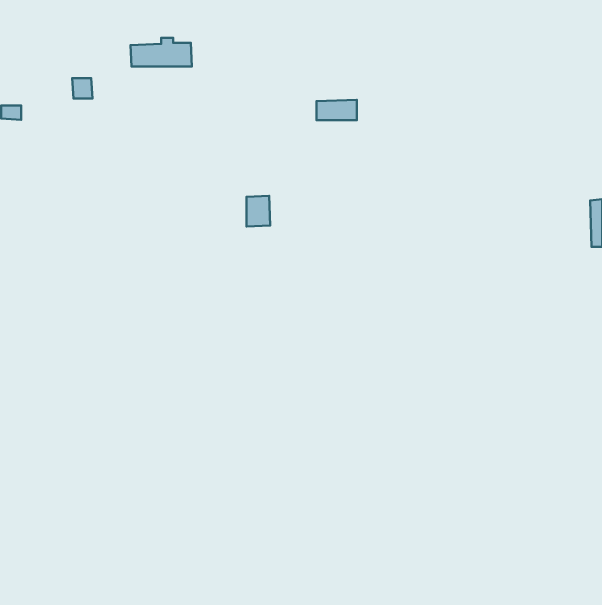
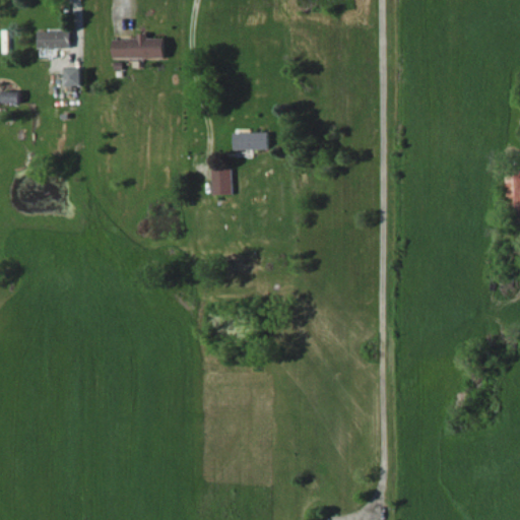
building: none -> [37,30,69,48]
building: [317,100,357,120] -> [234,132,268,149]

